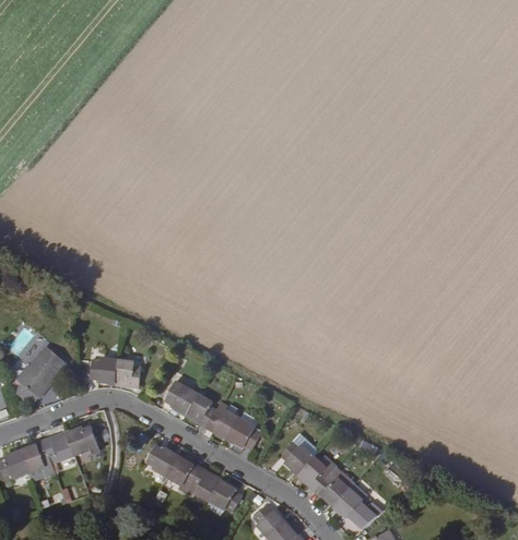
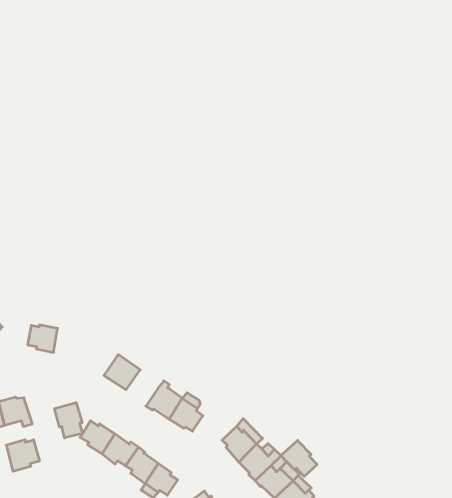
building: [115,360,142,387] -> none
building: [186,394,216,428] -> none
building: none -> [55,403,83,438]
building: none -> [281,440,317,476]
building: none -> [6,440,39,471]

